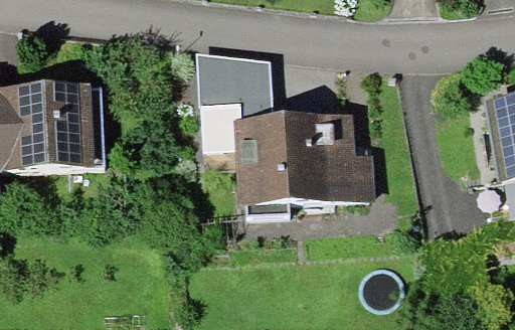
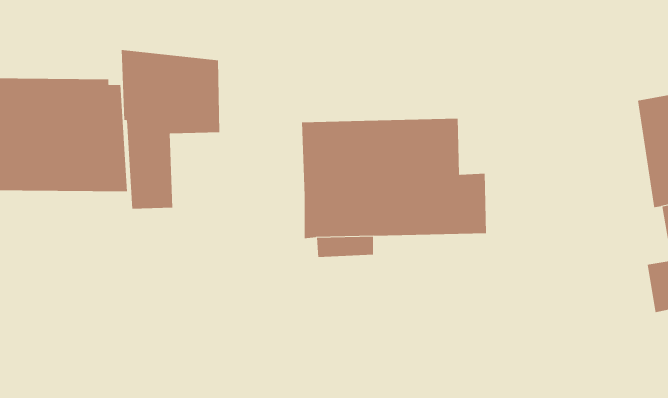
building: [197,52,272,172] -> [121,49,220,209]

